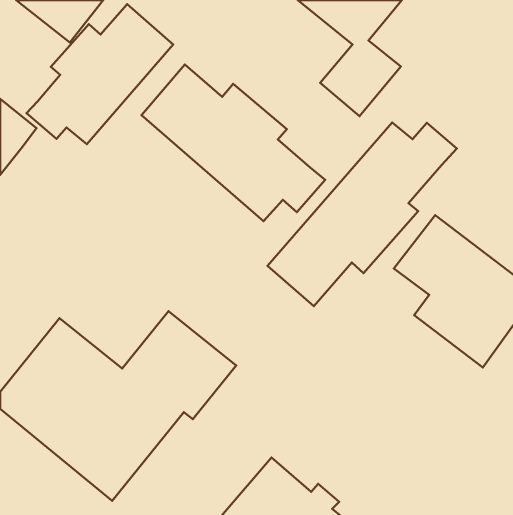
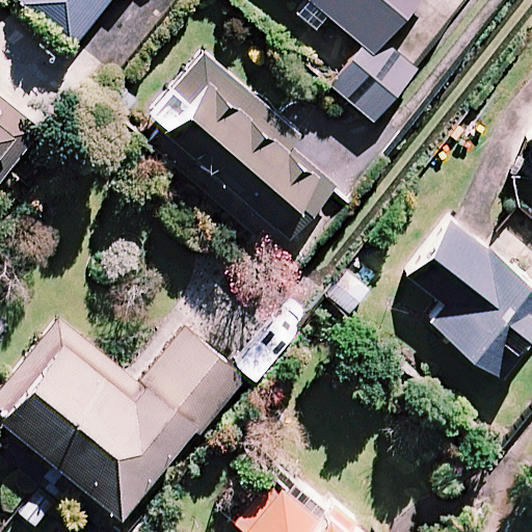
building: [26,4,173,144] -> none
building: [268,122,457,306] -> none

